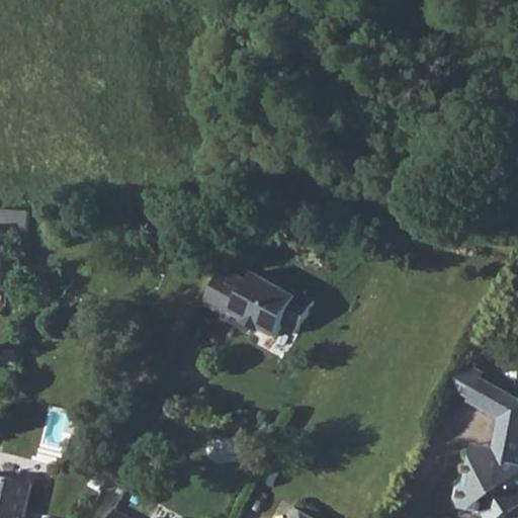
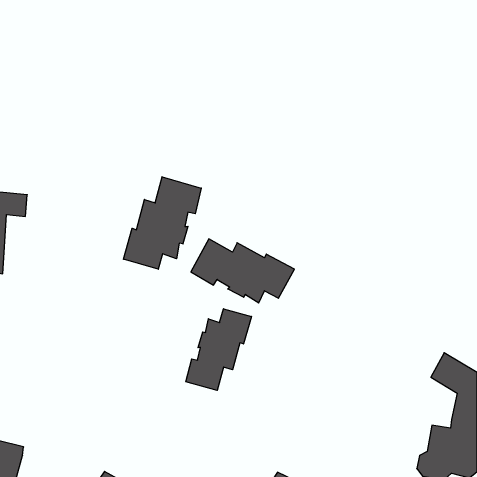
building: none -> [123,177,201,269]
building: none -> [186,309,251,390]

